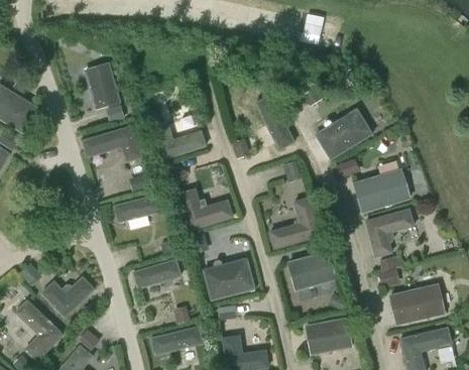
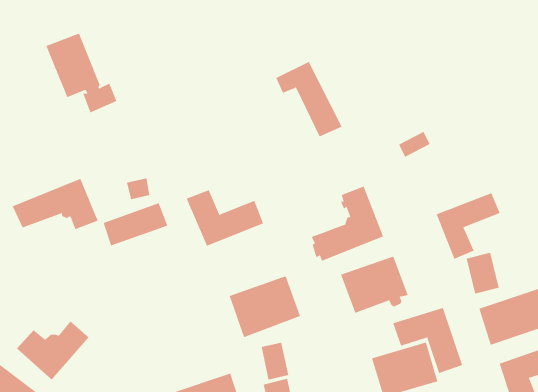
building: [314,107,373,160] -> none
building: [81,124,144,162] -> [12,178,98,230]
building: [151,125,204,160] -> none
building: [352,169,407,212] -> none
building: [132,258,181,289] -> none
building: none -> [393,307,463,374]

